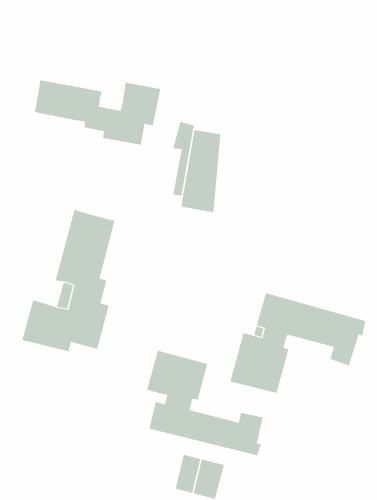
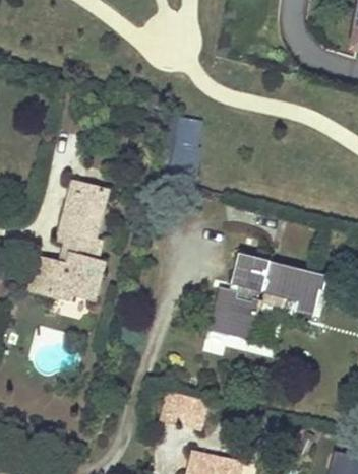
building: [33,80,161,145] -> none
building: [147,350,263,456] -> none

